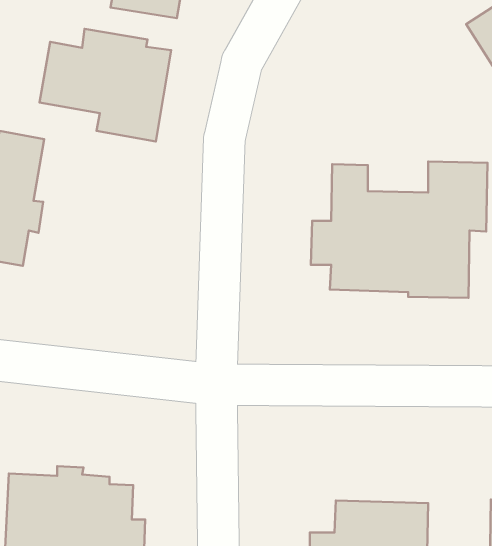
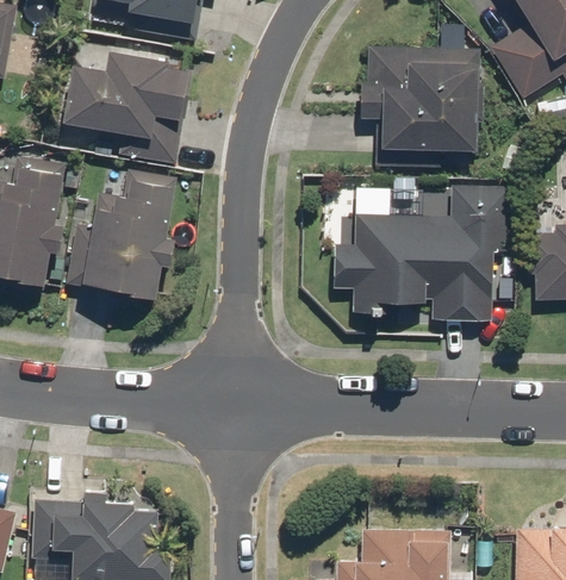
building: none -> [357,46,481,167]
building: none -> [64,167,173,303]

